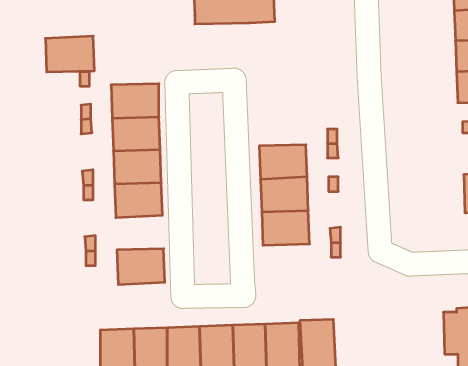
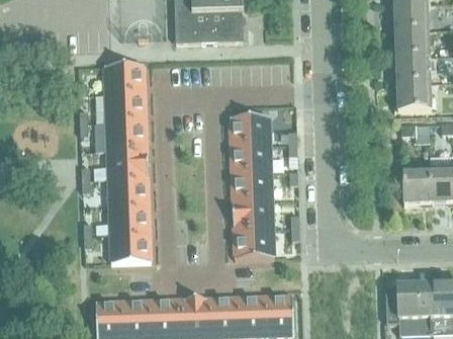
building: [45,36,94,72] -> [104,63,146,93]
building: none -> [230,114,270,145]
building: none -> [109,203,150,233]
building: none -> [234,228,274,258]

